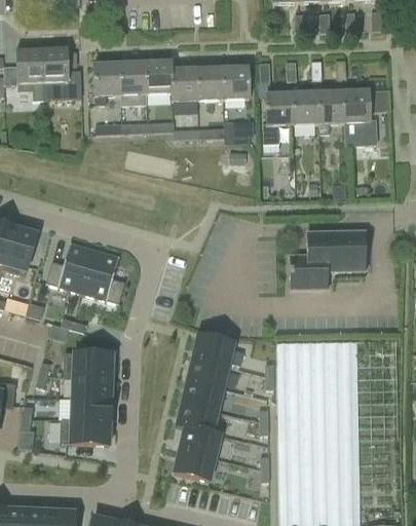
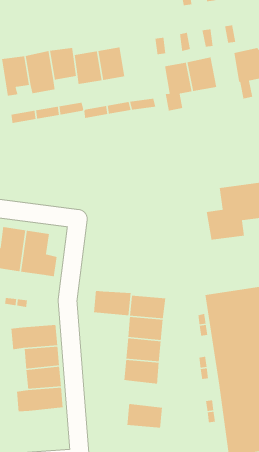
building: [221,66,249,100] -> none
building: [316,89,342,133] -> none
building: none -> [93,290,131,316]
building: [179,425,221,457] -> none

